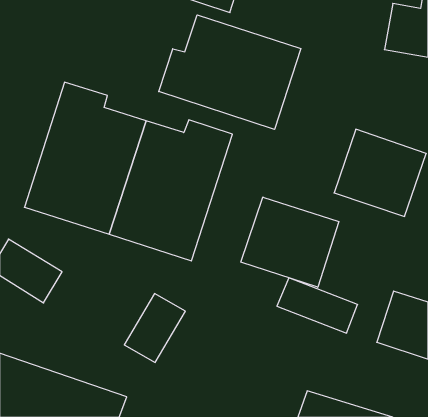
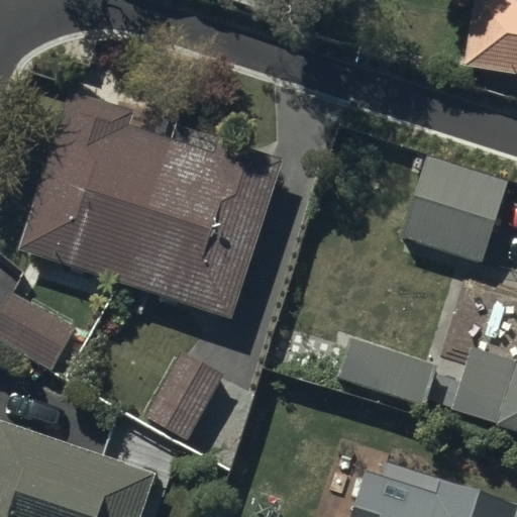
building: [159,15,301,129] -> none
building: [241,197,339,287] -> none

